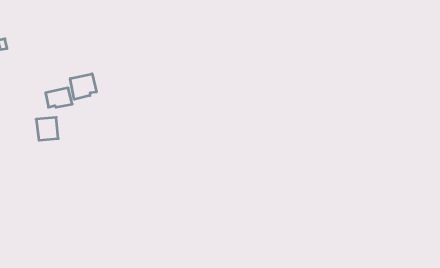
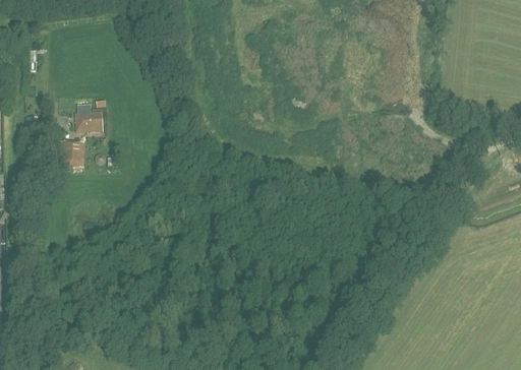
building: [70,74,96,99] -> none

